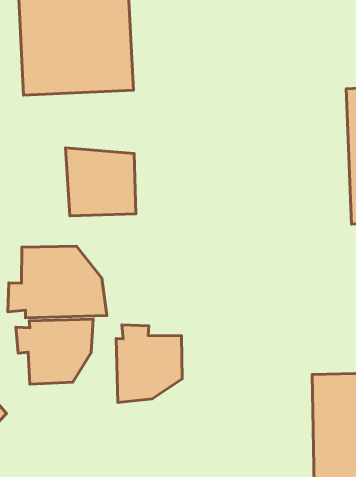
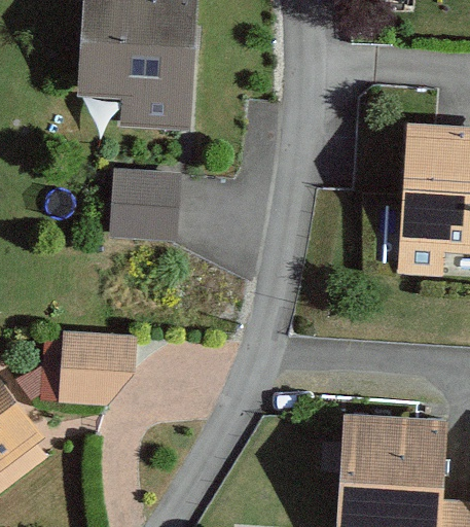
building: [8,246,107,318] -> none
building: [116,325,182,403] -> none

